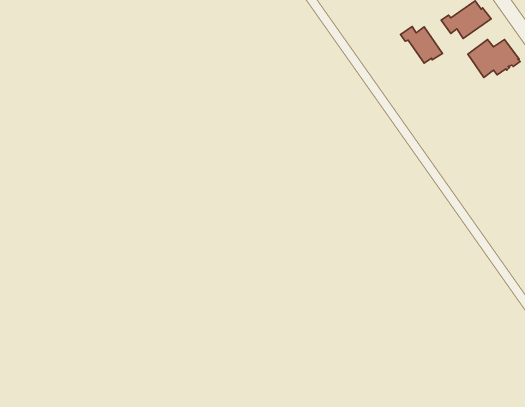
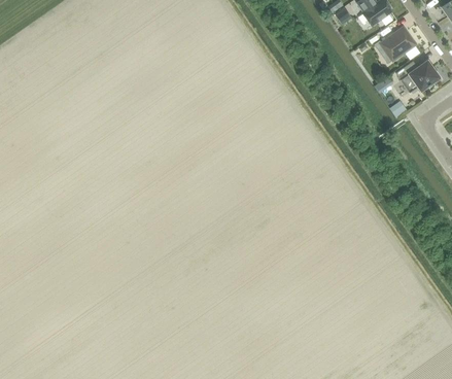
building: [400,27,443,63] -> none

